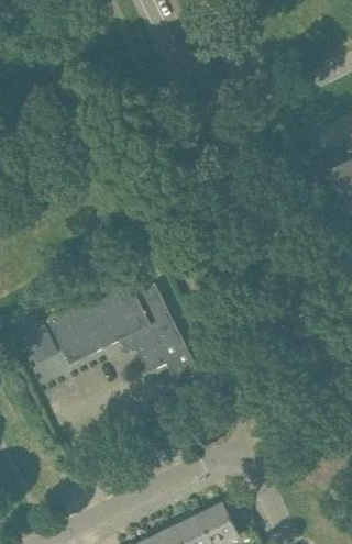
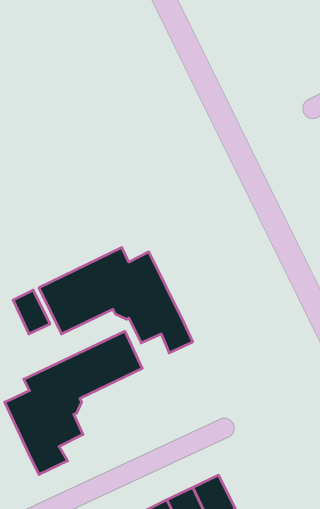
building: none -> [5,331,142,475]

